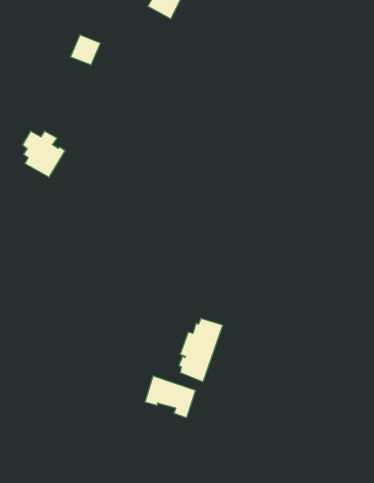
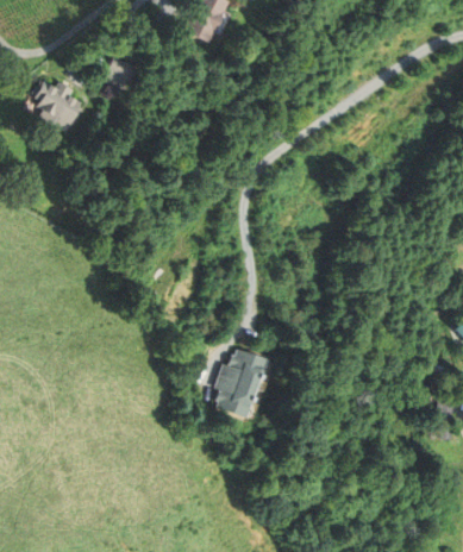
building: [22,131,65,177] -> [37,83,81,131]
building: [145,376,195,418] -> none

